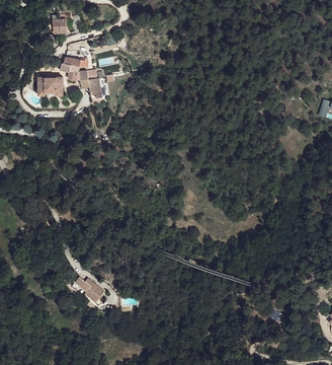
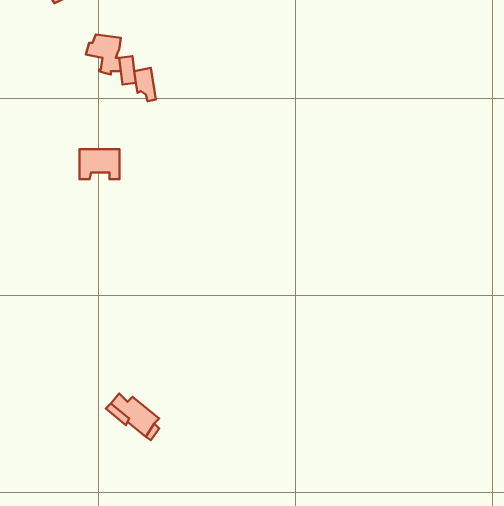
building: [38,77,63,95] -> [80,149,119,179]

